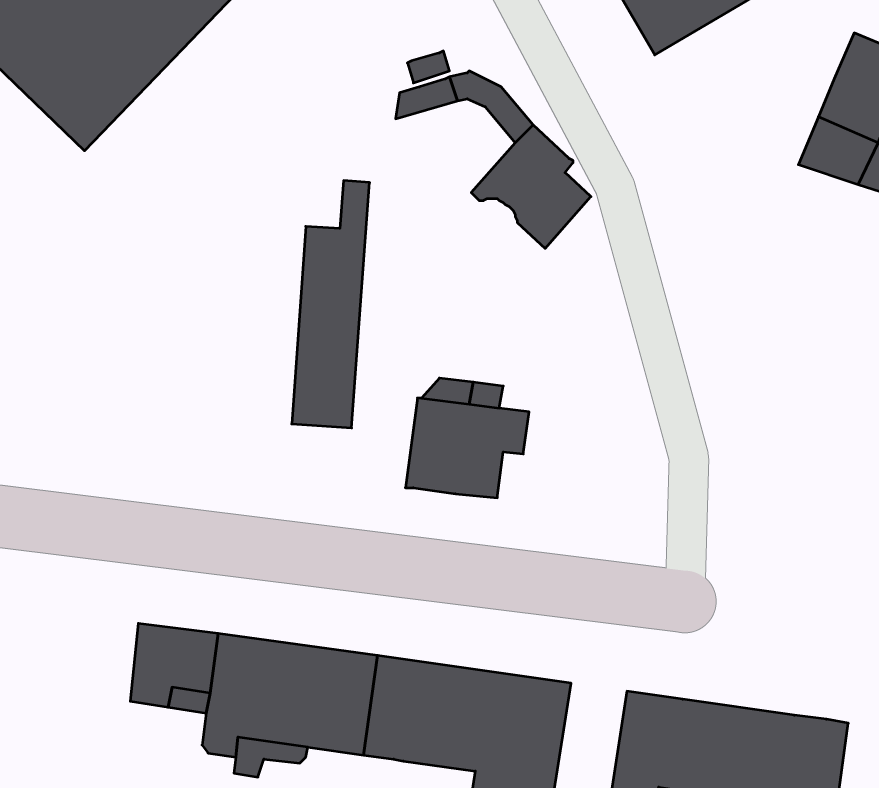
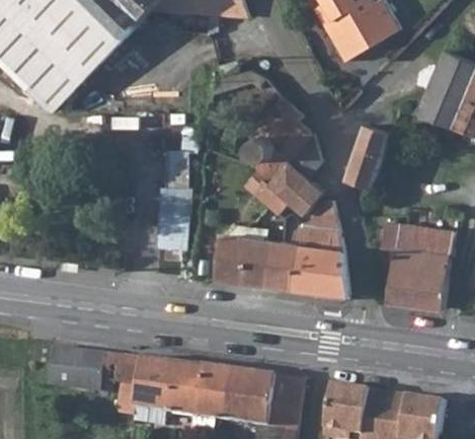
building: none -> [344,125,389,186]
building: none -> [246,132,323,215]
building: none -> [263,200,347,297]
building: none -> [379,222,453,309]
building: none -> [47,347,81,389]

